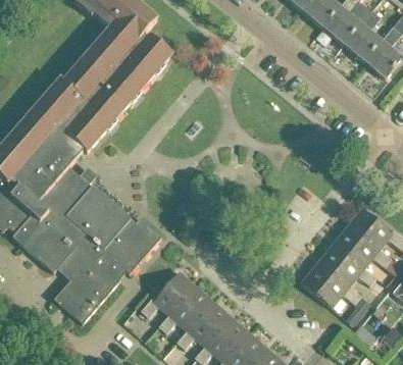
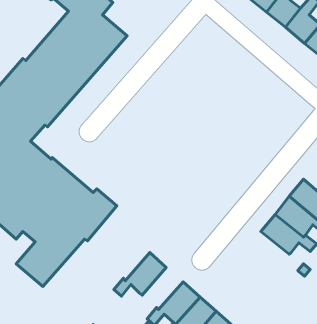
building: [301,263,361,307] -> none
building: [140,270,197,316] -> none
building: [177,302,233,348] -> none

